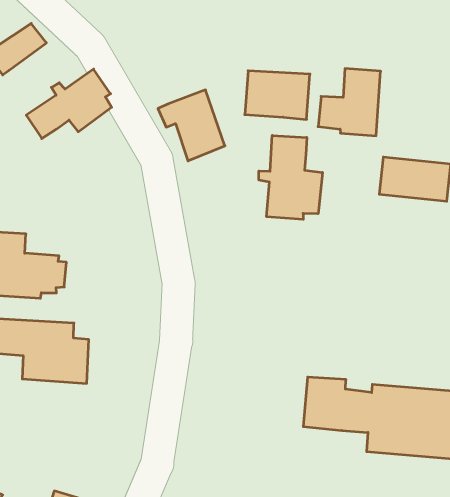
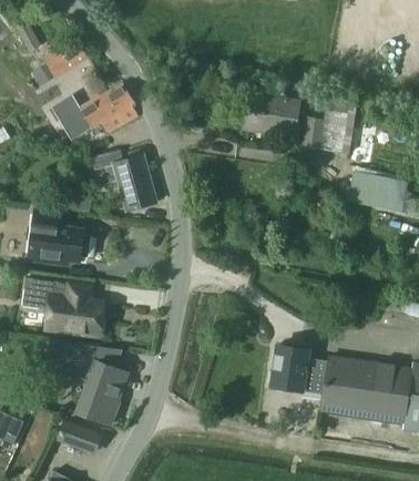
building: [158,90,225,161] -> [104,155,156,212]
building: [259,135,322,219] -> none
building: none -> [51,341,129,424]

